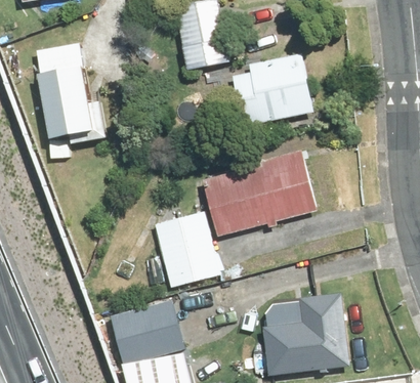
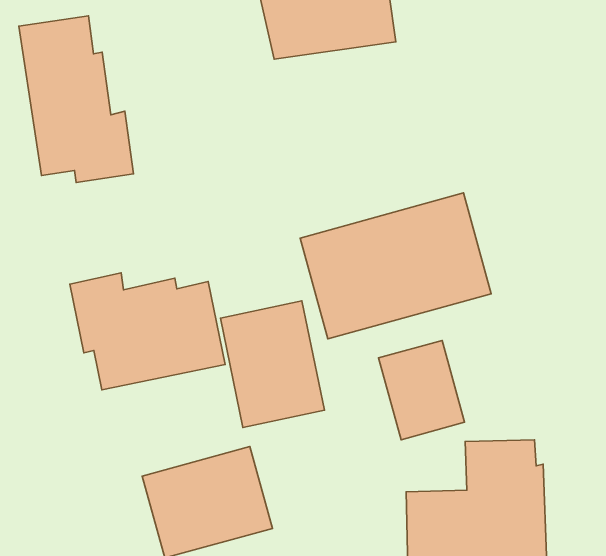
building: [233,56,312,122] -> none
building: none -> [70,273,225,390]
building: none -> [379,341,465,440]

